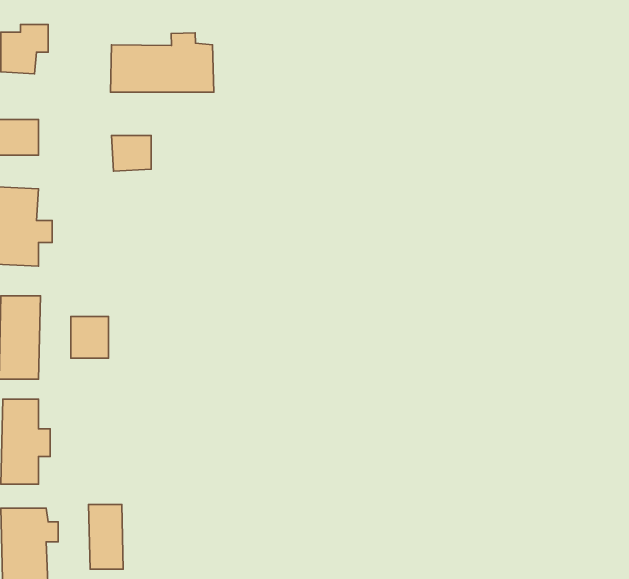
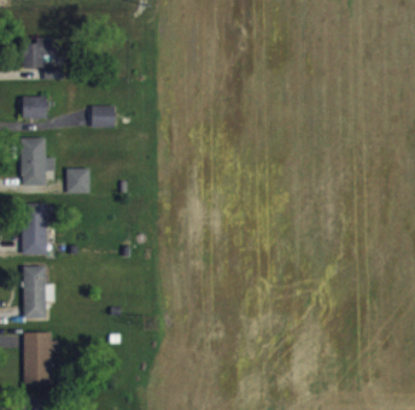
building: [110,33,214,92] -> none
building: [71,317,109,358] -> [66,169,89,194]
building: [89,505,123,569] -> none

